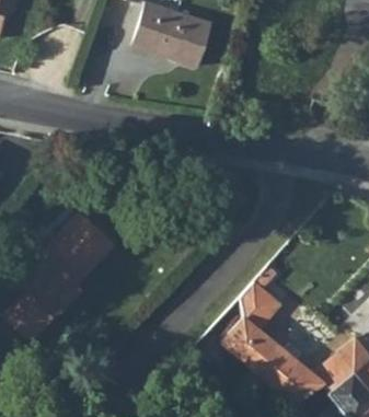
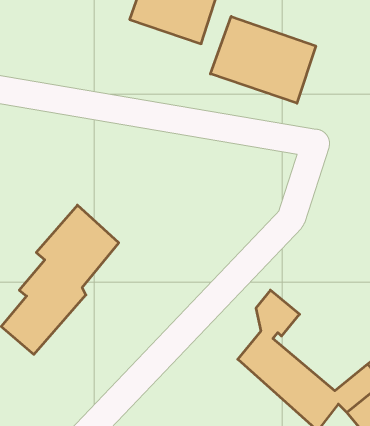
building: none -> [210,16,316,103]

